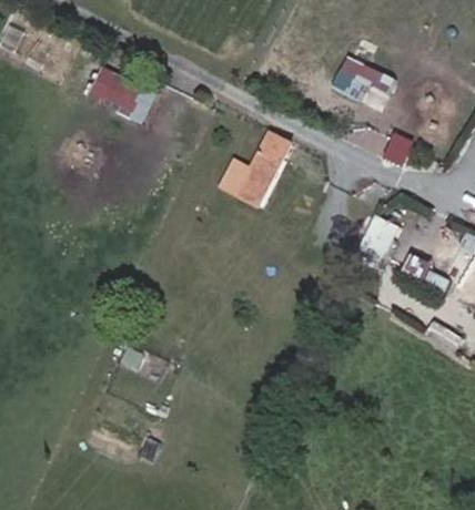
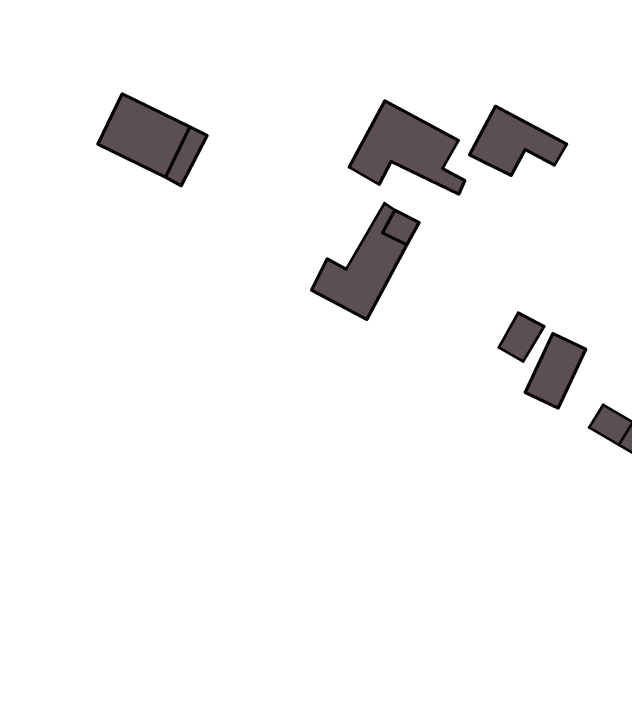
building: none -> [349,101,465,194]

